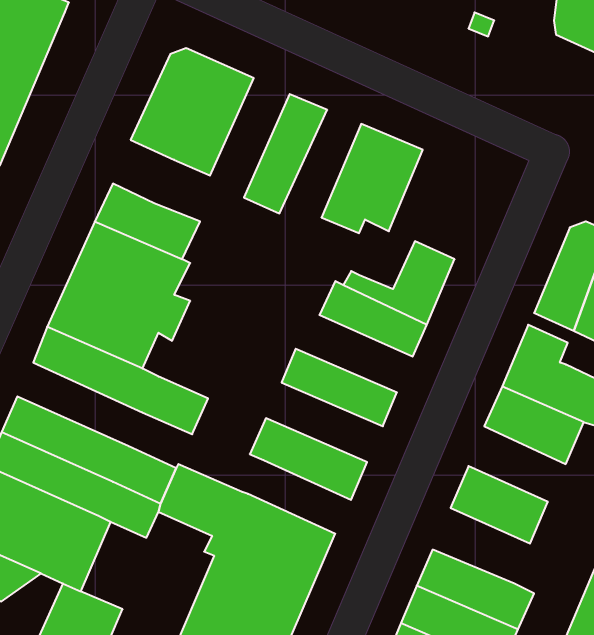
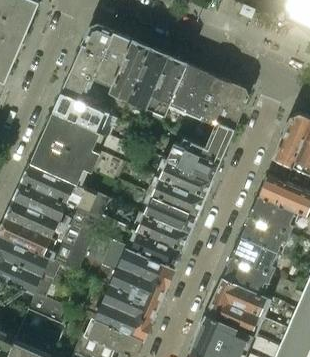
building: none -> [109,40,150,100]
building: none -> [145,56,186,116]
building: none -> [61,71,92,103]
building: none -> [200,76,248,131]
building: none -> [153,158,212,198]
building: none -> [13,183,101,236]
building: none -> [138,193,197,233]
building: none -> [240,215,289,253]
building: none -> [129,232,181,269]
building: none -> [222,256,271,294]

